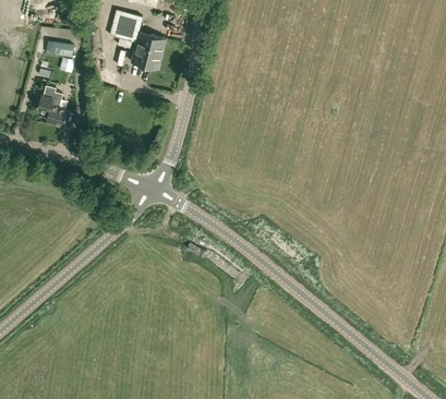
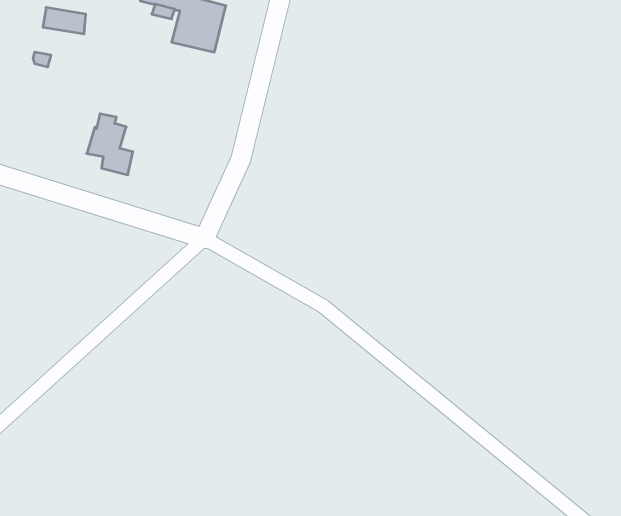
building: [37,84,68,124] -> [87,114,133,175]

